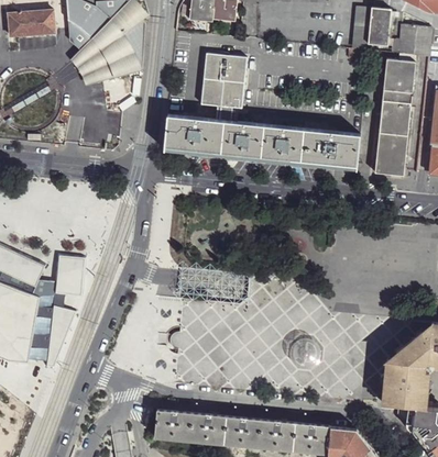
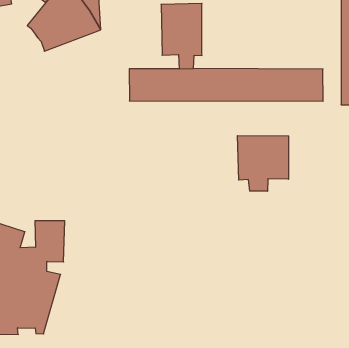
building: none -> [237,136,289,191]

